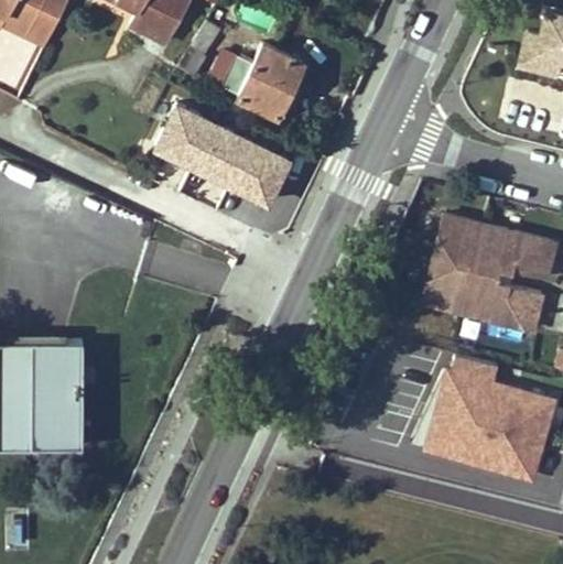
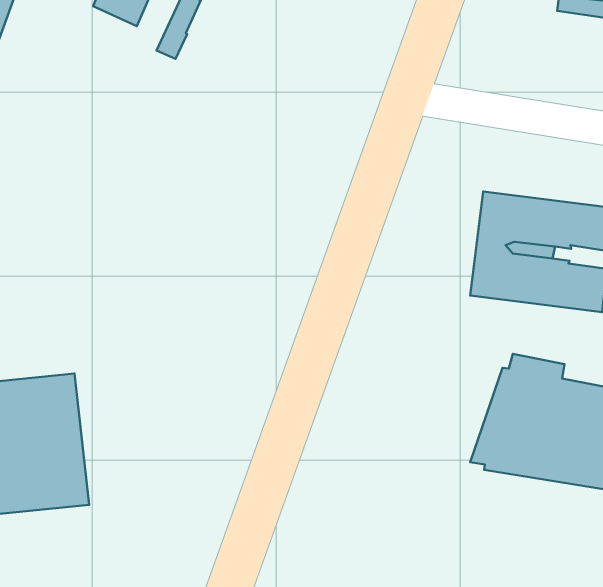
building: [226,46,304,118] -> none
building: [154,101,295,207] -> none

